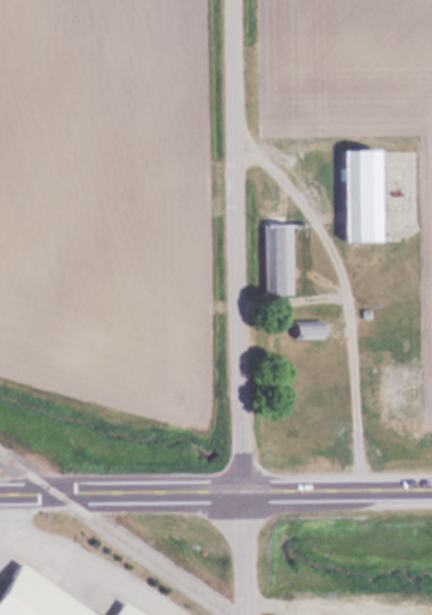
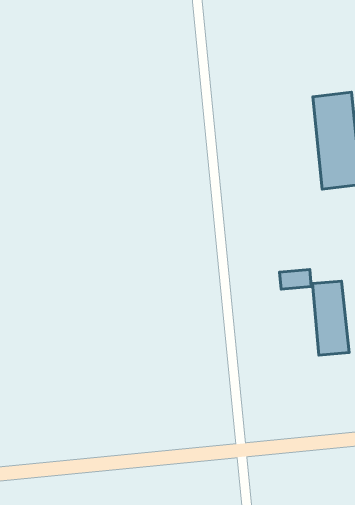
building: [265,225,295,295] -> [312,281,349,355]

